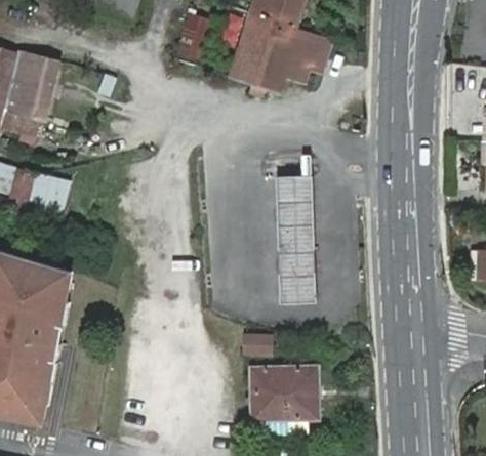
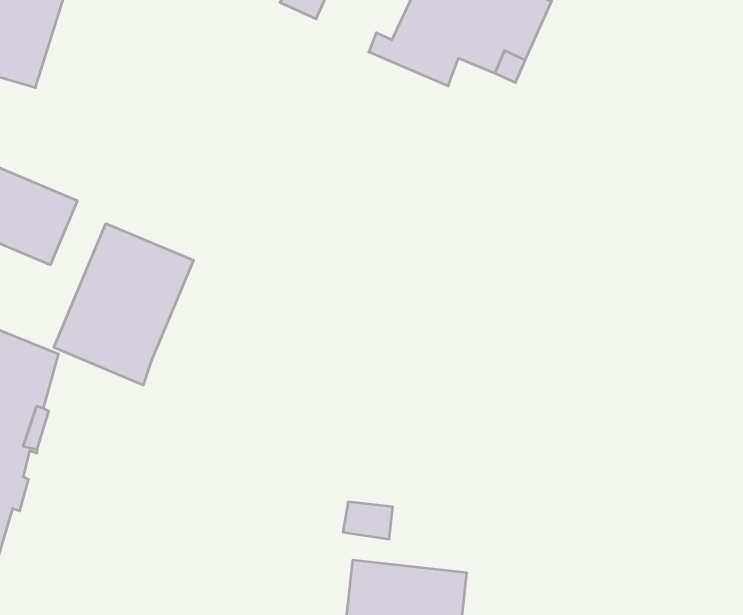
building: [276,175,316,302] -> none
building: none -> [54,224,194,385]

